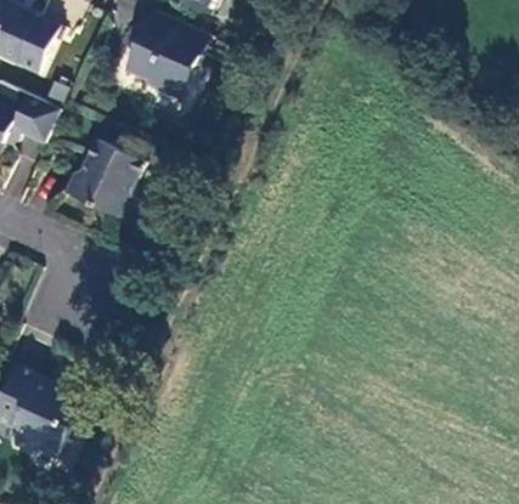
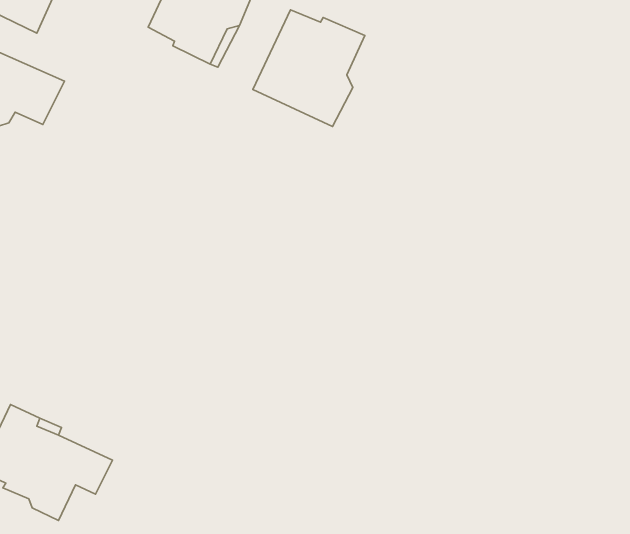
building: none -> [253,10,365,127]
building: [62,141,141,217] -> none

